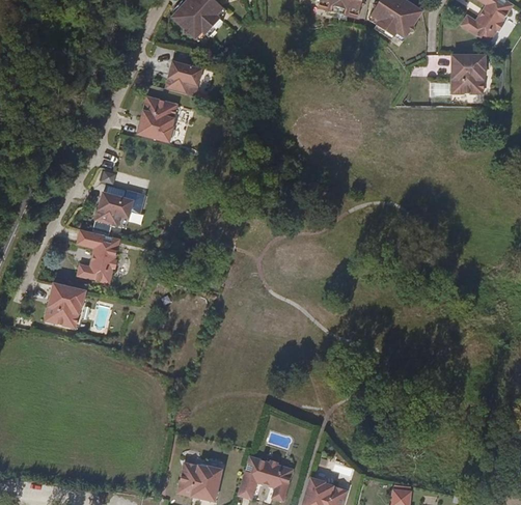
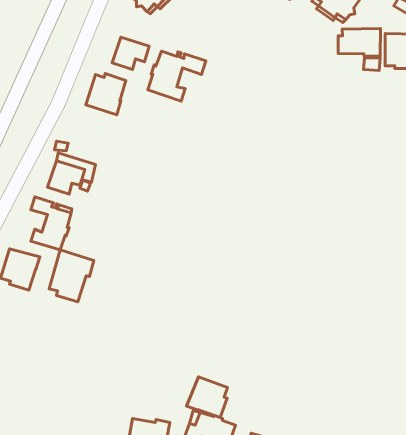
building: none -> [338,29,380,56]
building: none -> [148,51,206,101]
building: none -> [49,250,94,302]
building: none -> [187,377,228,417]

